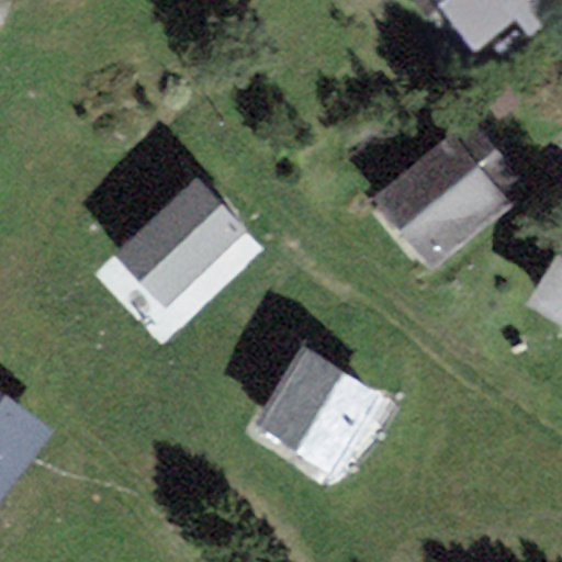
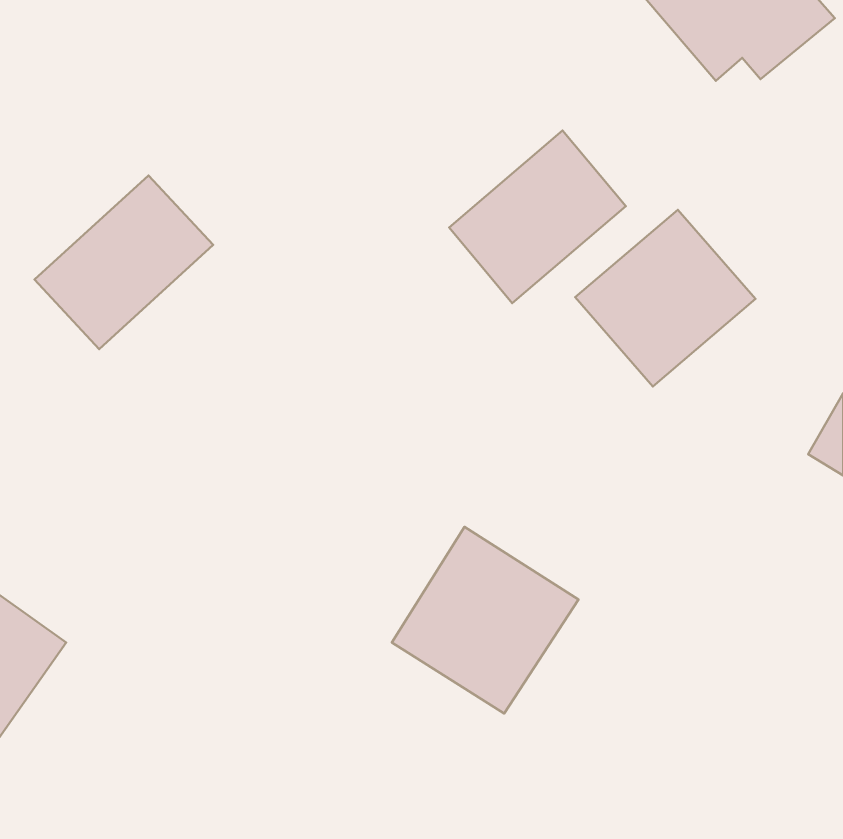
building: none -> [449,131,626,303]
building: [123,181,241,296] -> [35,176,213,349]

